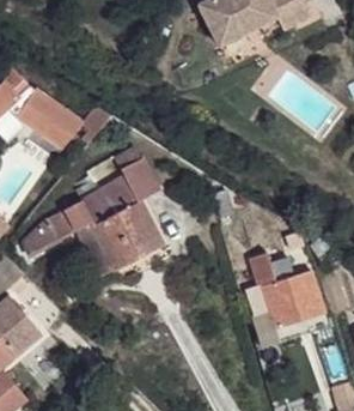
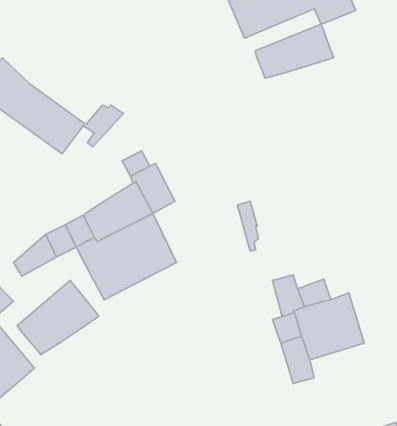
building: none -> [255,24,334,78]
building: none -> [17,281,99,355]

